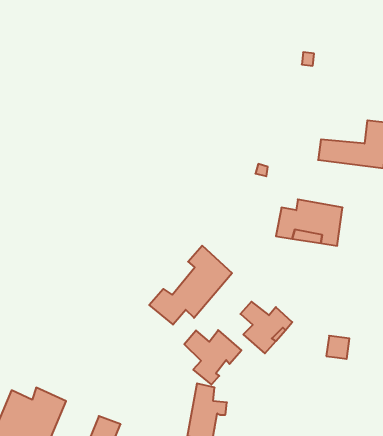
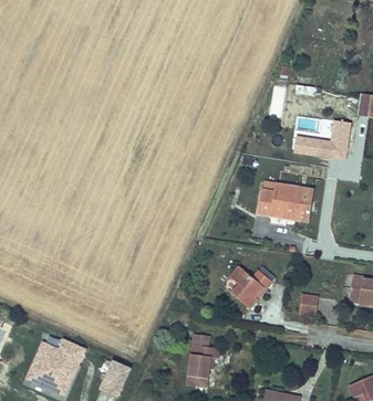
building: [149,246,232,325] -> none
building: [184,330,241,385] -> none

